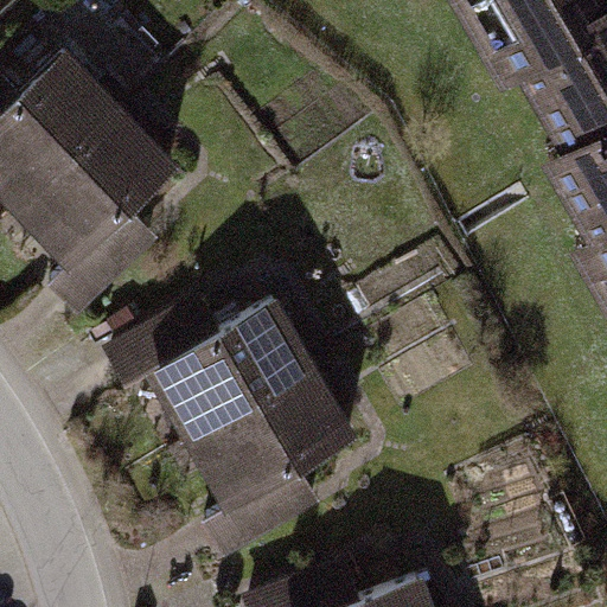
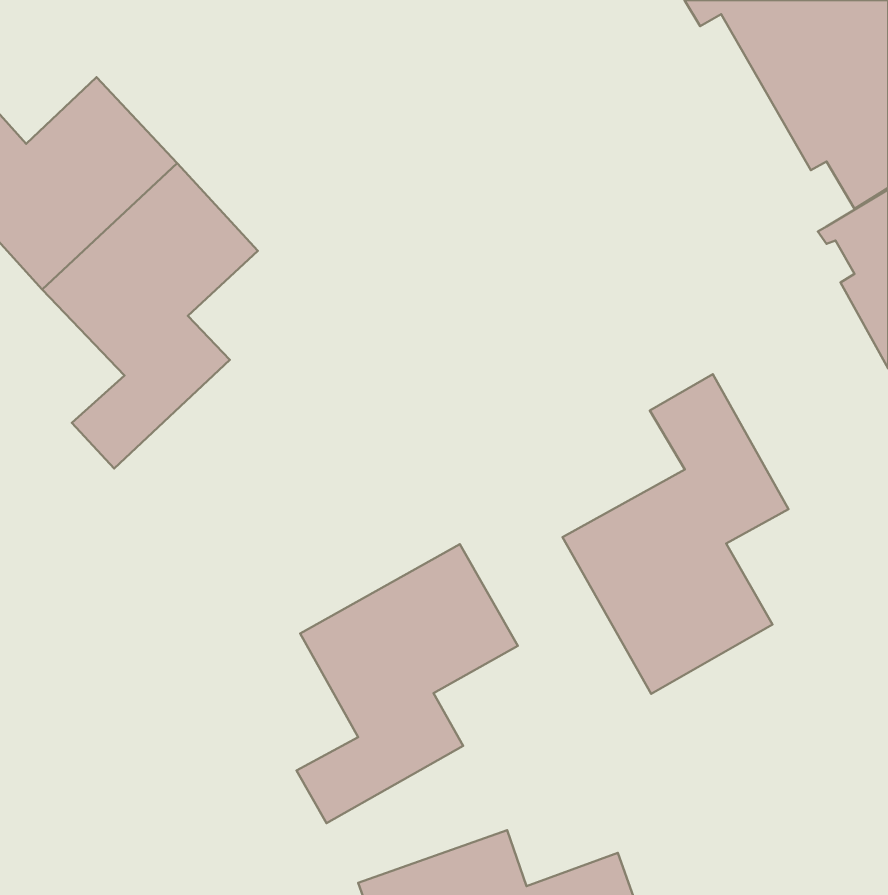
building: none -> [563,374,789,694]
building: [102,294,311,429] -> none

